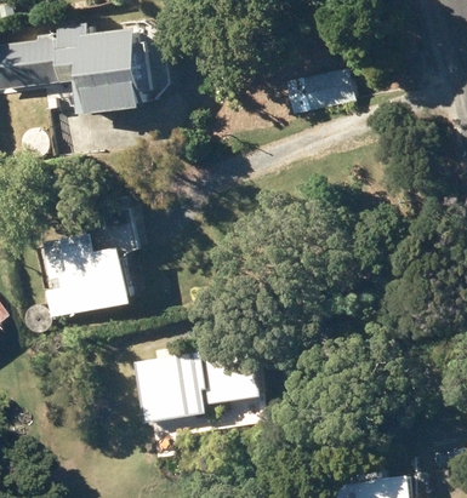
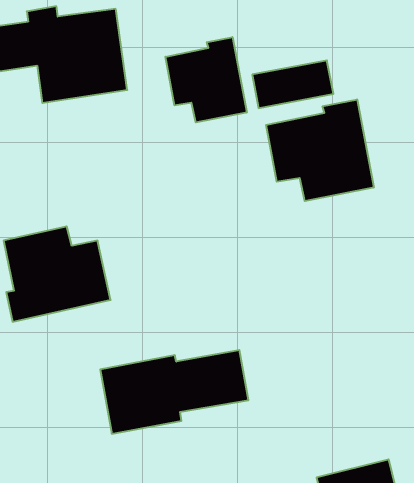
building: none -> [165,37,247,122]
building: none -> [266,99,374,201]

